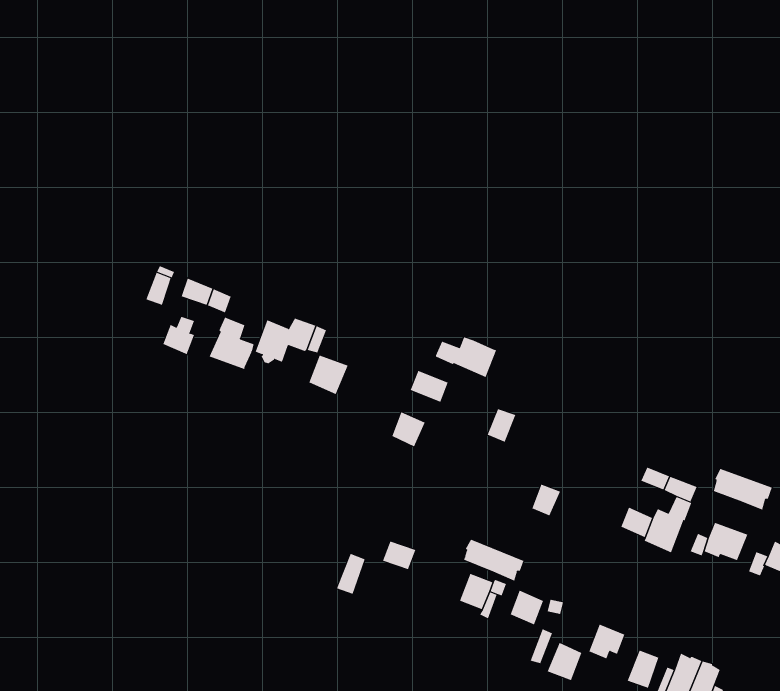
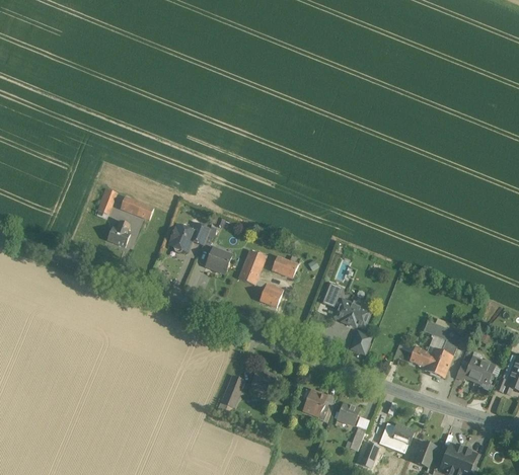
building: [209,315,254,370] -> none
building: [433,337,497,378] -> none
building: none -> [237,249,264,284]
building: none -> [337,299,370,326]
building: [713,468,772,510] -> none
building: [464,539,524,581] -> none

